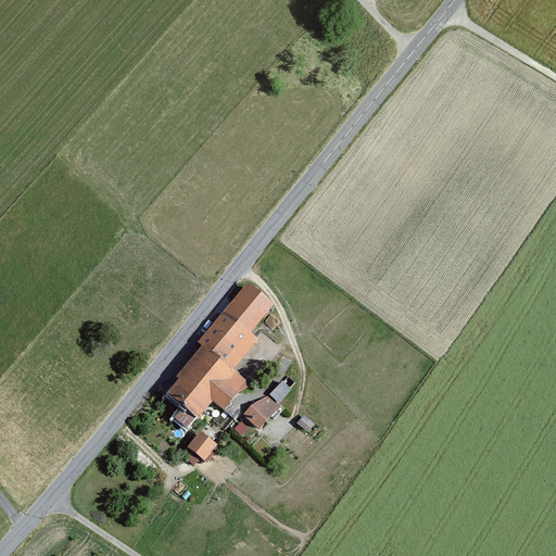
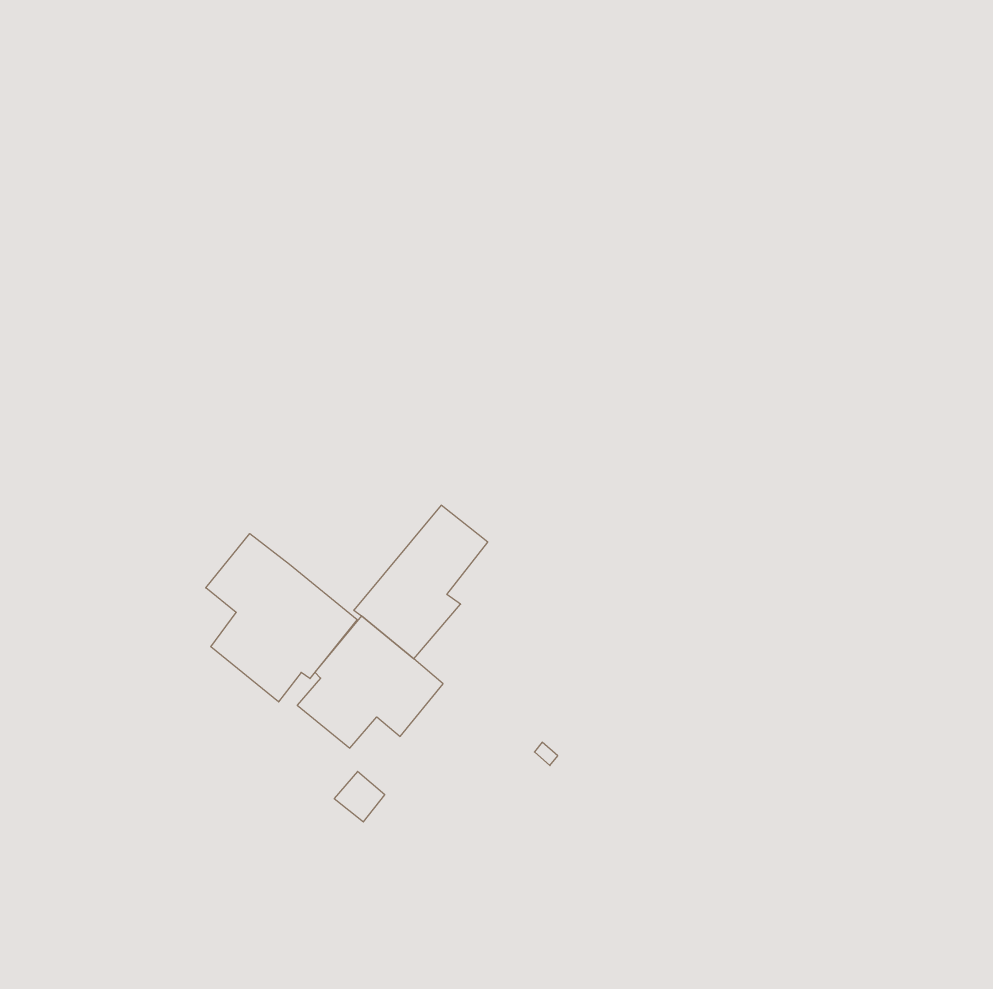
building: none -> [206,534,357,702]
building: [243,381,290,430] -> none

